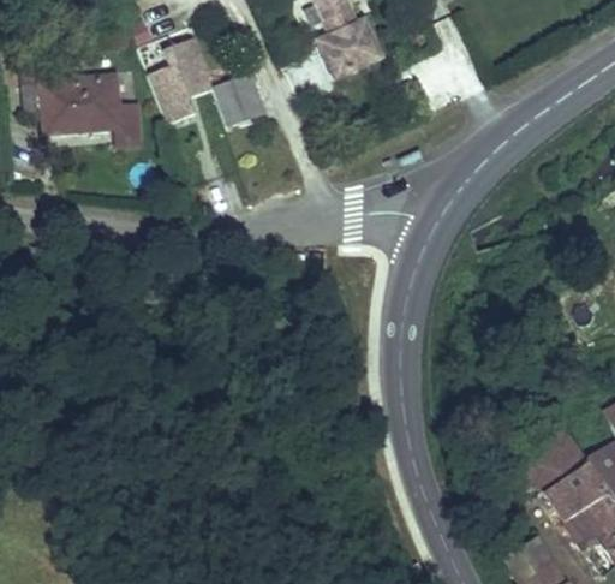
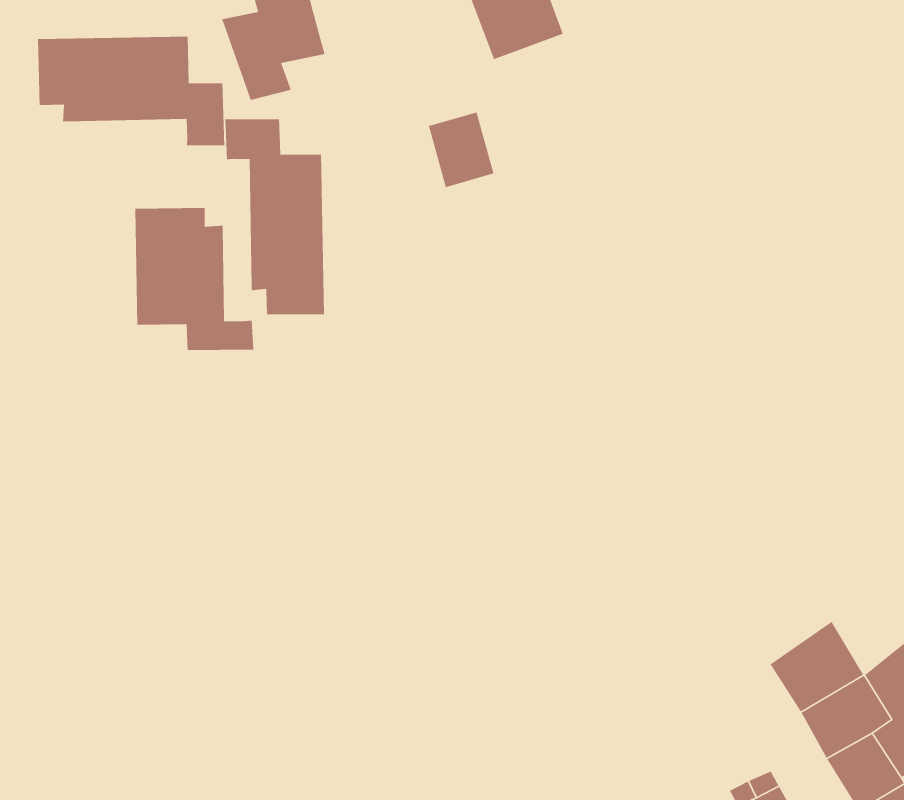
building: [214,68,258,119] -> [428,111,494,188]
building: none -> [224,118,325,315]
building: none -> [134,207,254,351]

